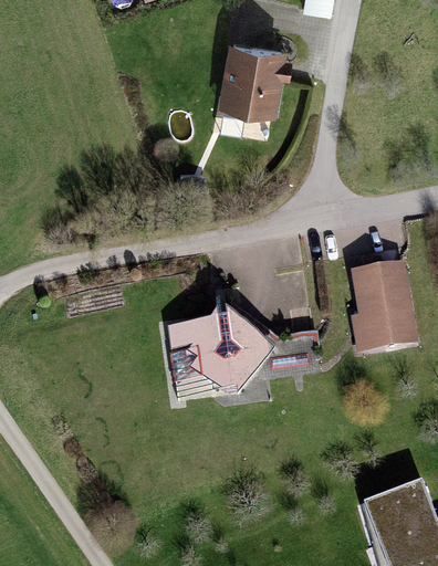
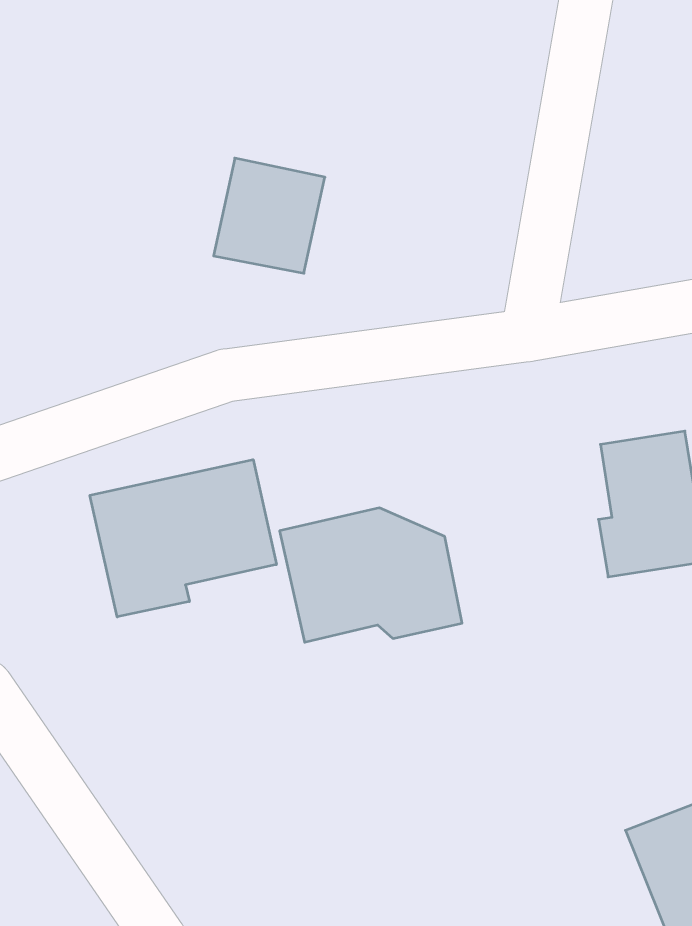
building: [219,48,283,114] -> [214,158,325,273]
building: none -> [90,460,276,617]

